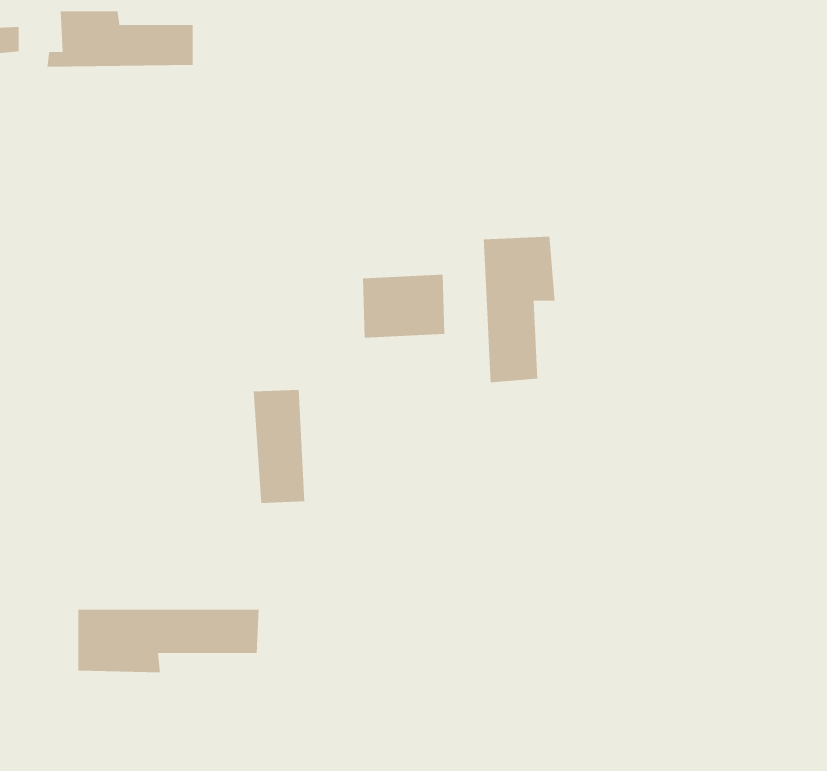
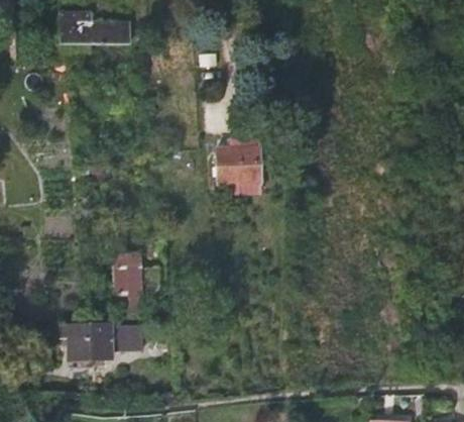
building: [483,236,555,383] -> none
building: [253,389,305,504] -> [111,255,138,315]

